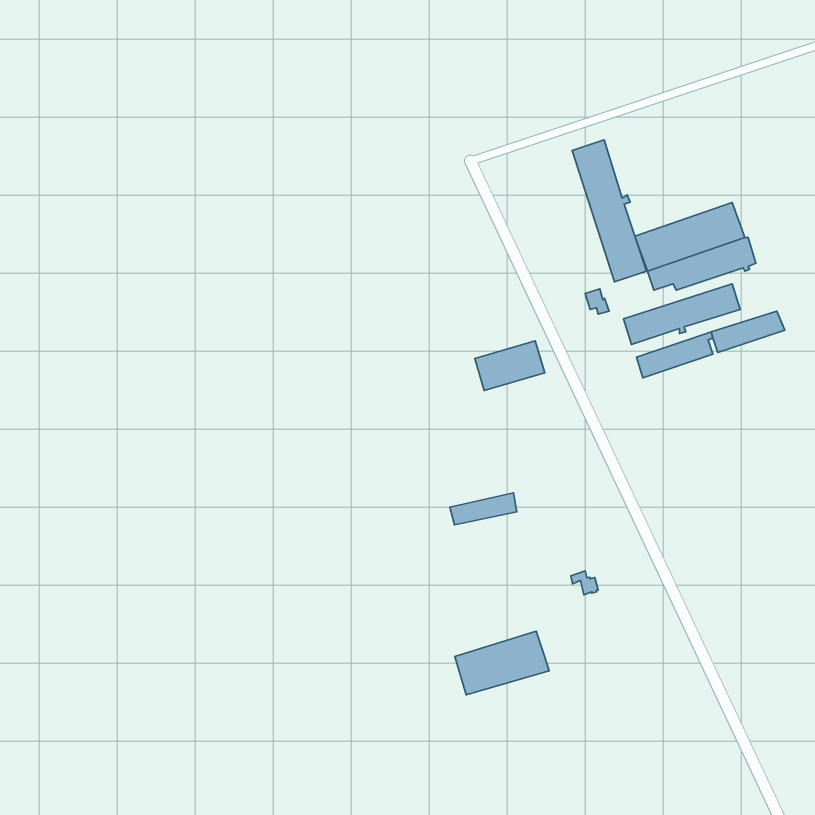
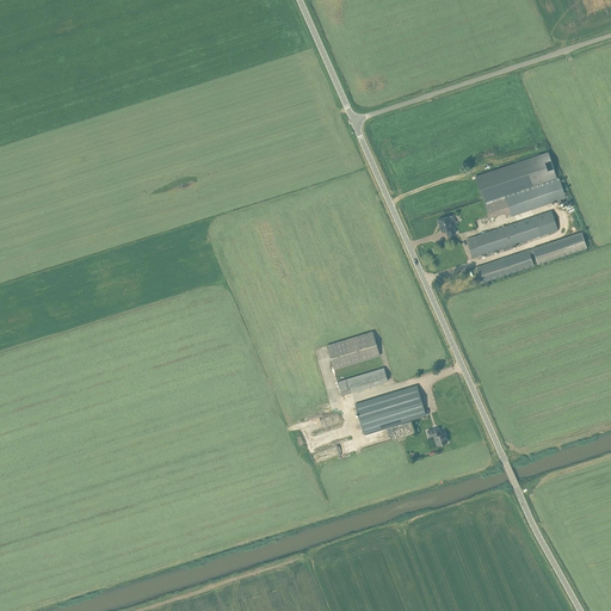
building: [572,140,647,282] -> none
building: [475,341,545,390] -> [327,332,379,369]
building: [455,631,549,695] -> [356,385,426,433]

